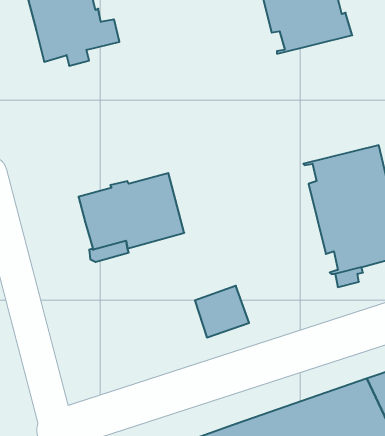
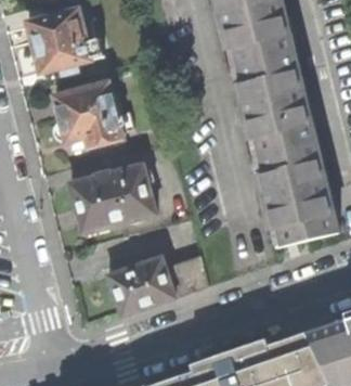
building: none -> [233,49,316,154]
building: none -> [55,79,134,144]
building: none -> [107,255,176,314]

